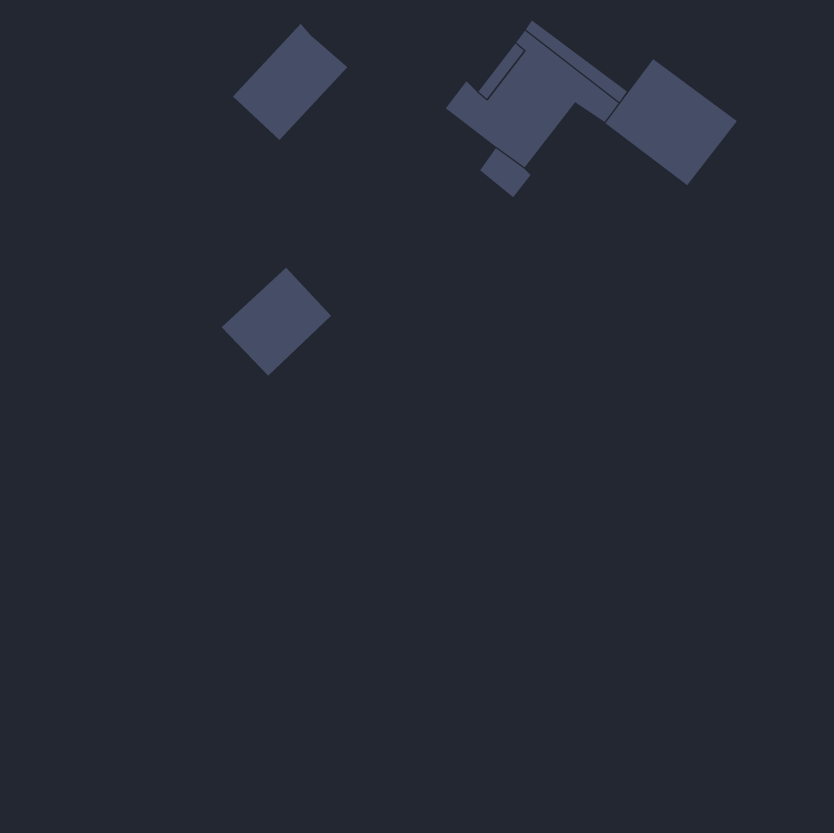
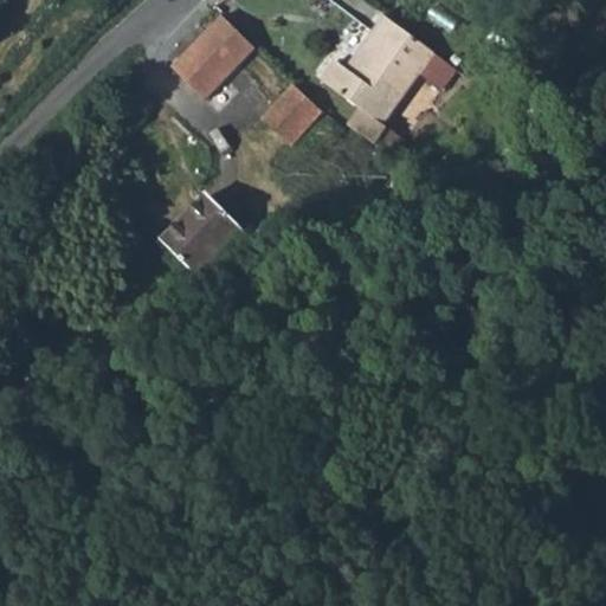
building: [605,58,738,186] -> none
building: none -> [263,85,322,146]

